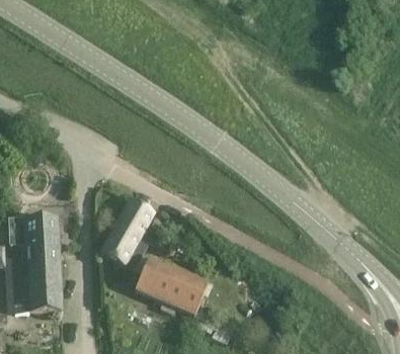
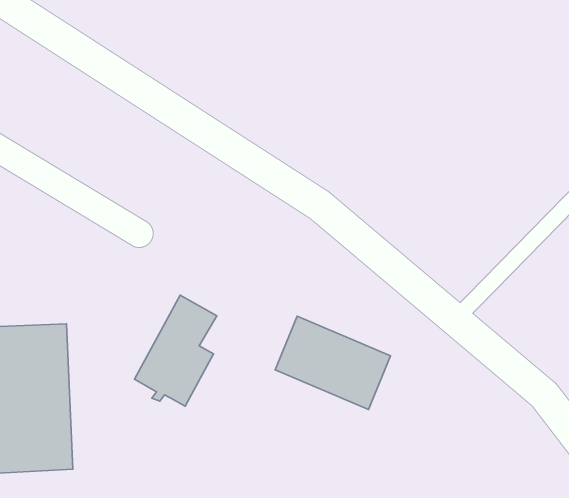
building: [134,257,208,317] -> [275,316,391,409]

